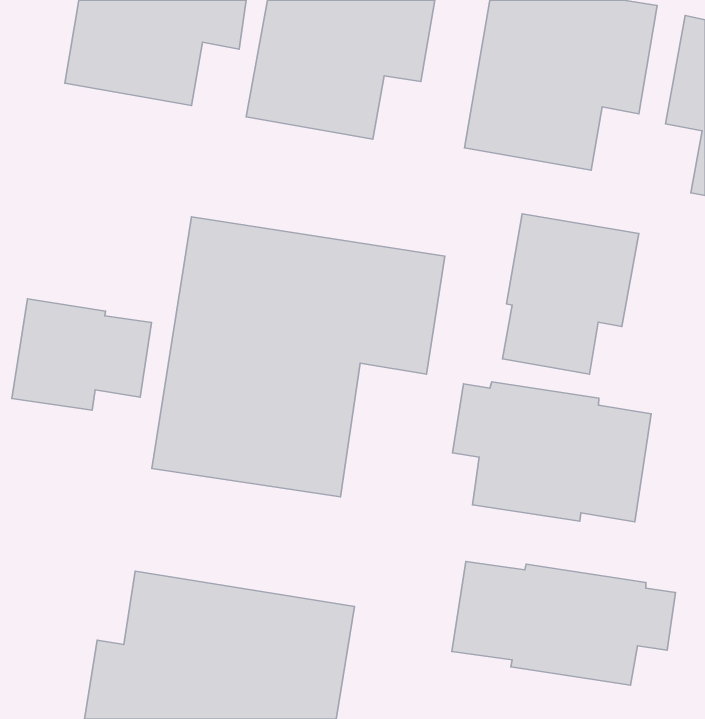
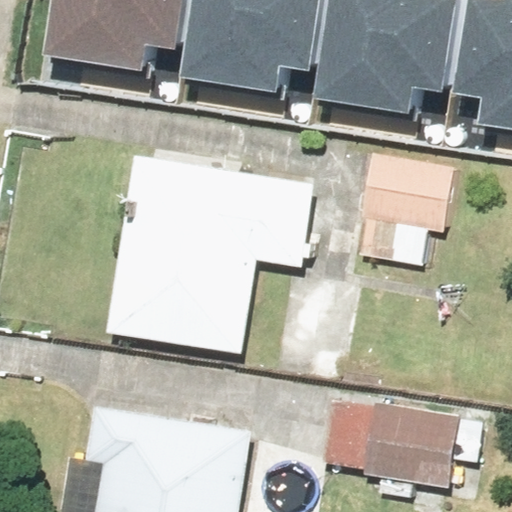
building: [12,299,151,410] -> none
building: [453,382,651,522] -> none

